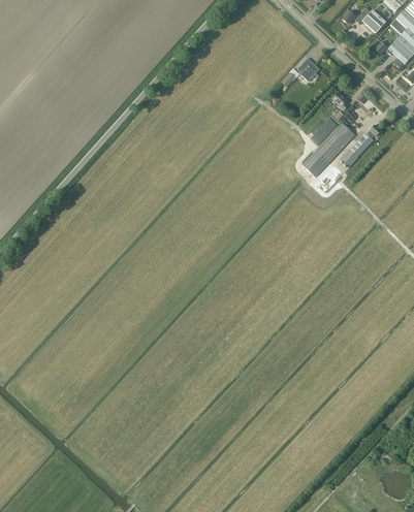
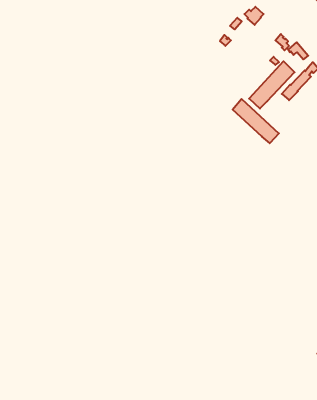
building: none -> [233,99,279,143]

